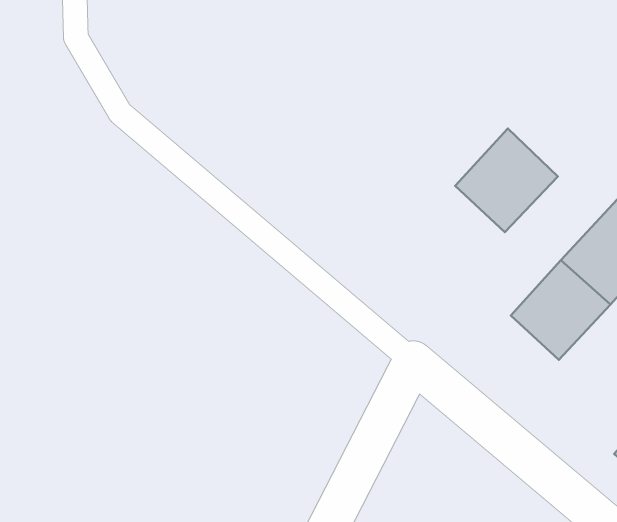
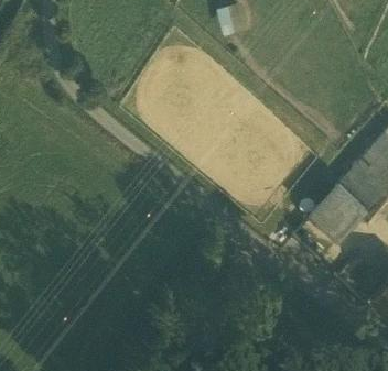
building: [455,128,558,232] -> none

